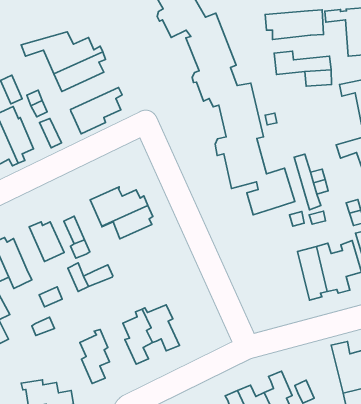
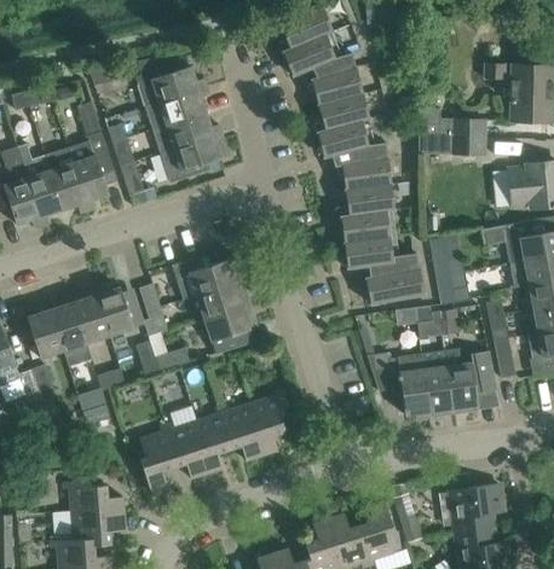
building: [265,10,323,39] -> none
building: none -> [151,110,221,151]
building: none -> [203,303,258,353]
building: none -> [73,290,108,342]
building: none -> [368,353,428,418]
building: none -> [252,389,285,455]
building: none -> [167,420,207,478]

